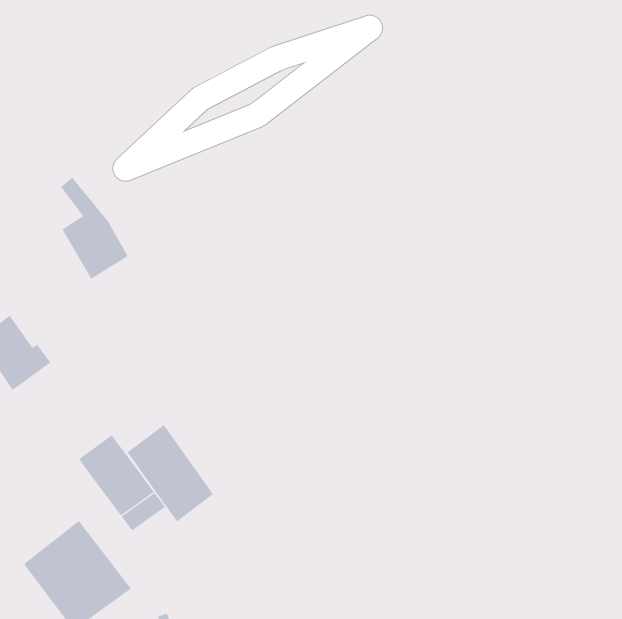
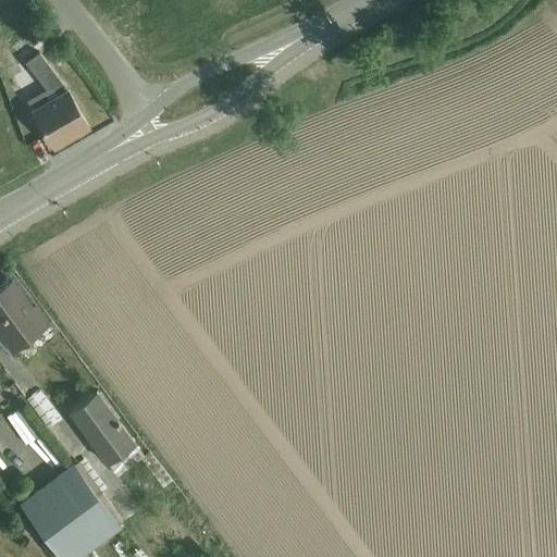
building: [60,177,129,280] -> [25,58,86,149]
building: [127,424,214,522] -> none

